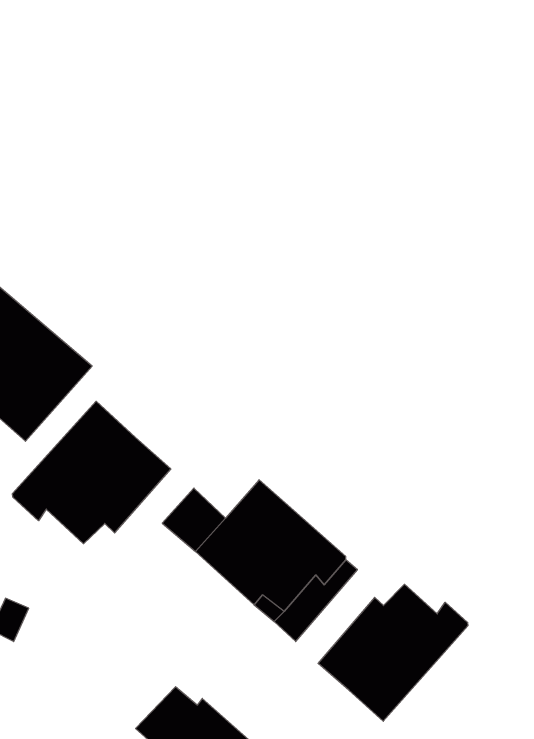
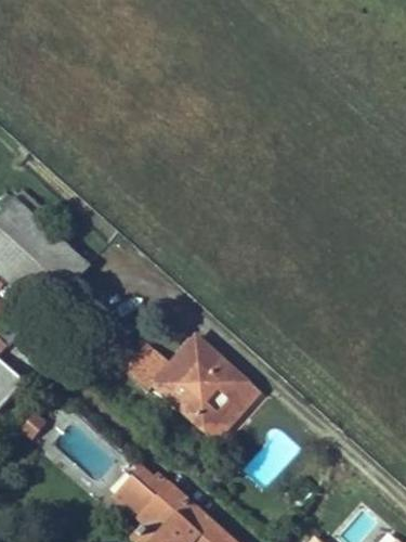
building: [13,401,171,544] -> none
building: [318,584,468,721] -> none

